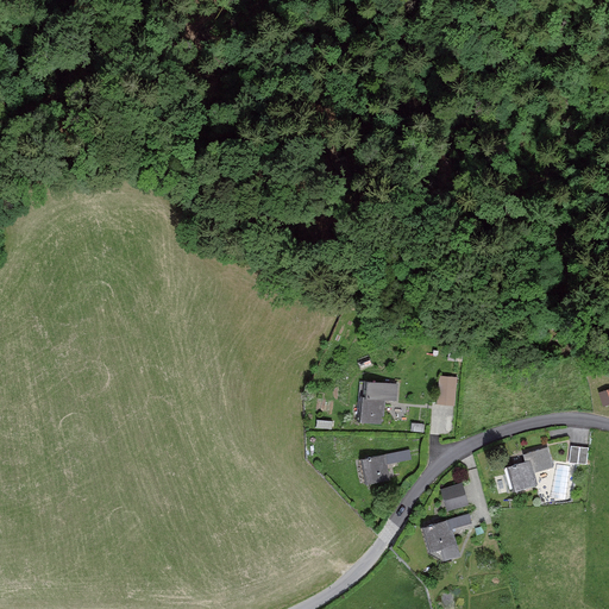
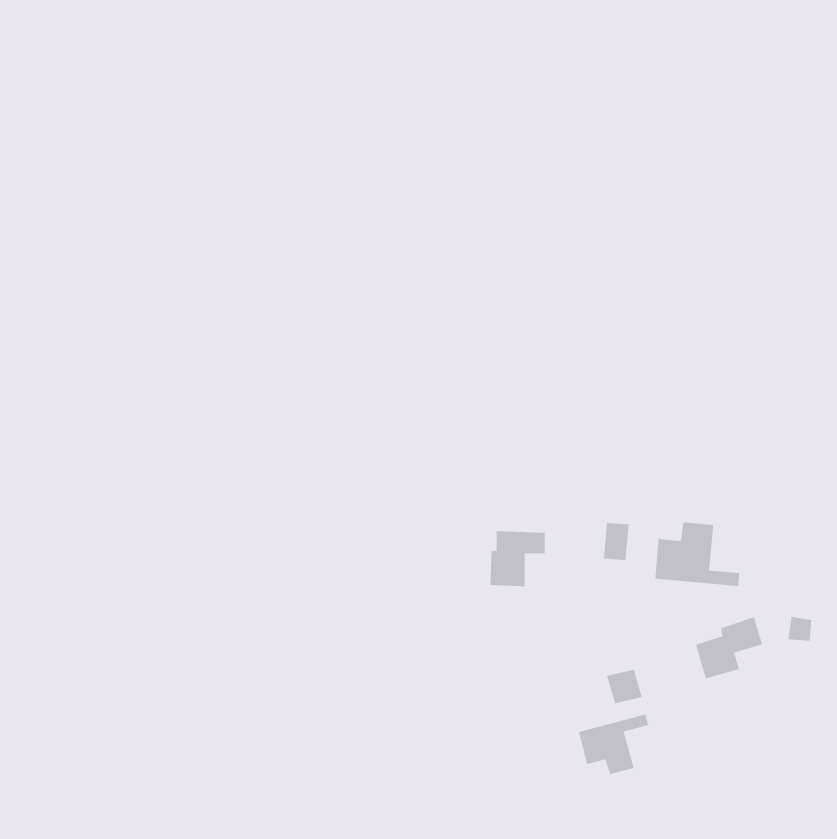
building: none -> [655,522,740,587]
building: [360,452,409,488] -> none

